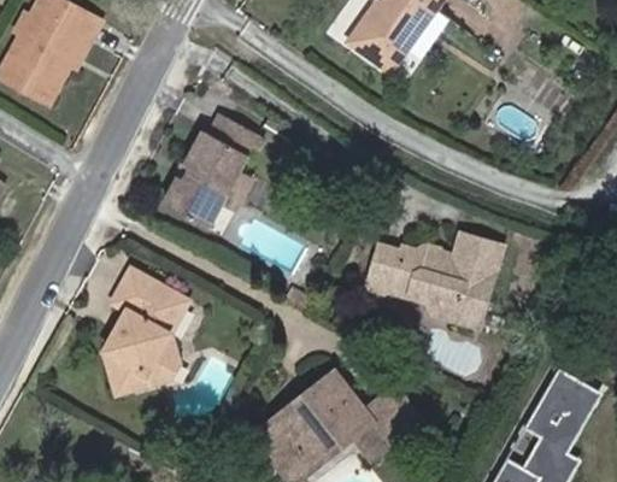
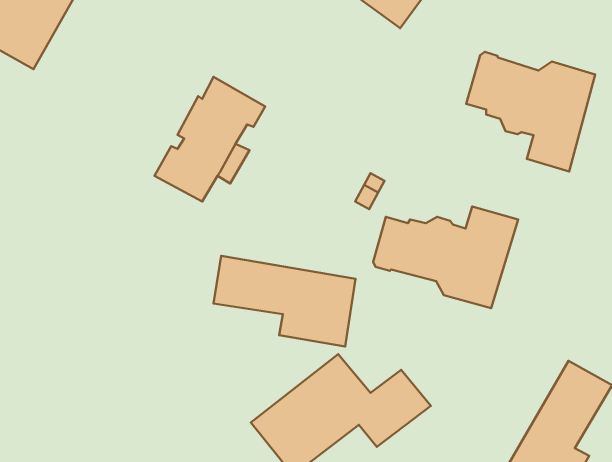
building: none -> [466,52,595,171]
building: [104,269,190,395] -> none
building: none -> [213,256,356,347]

